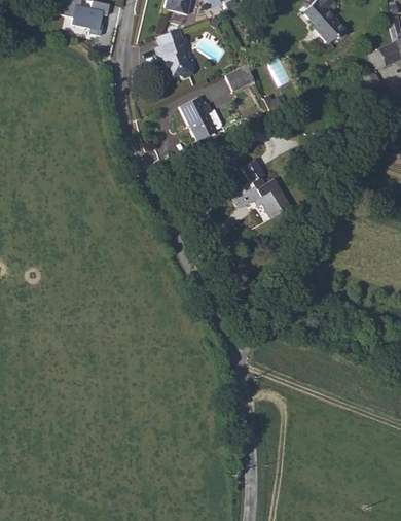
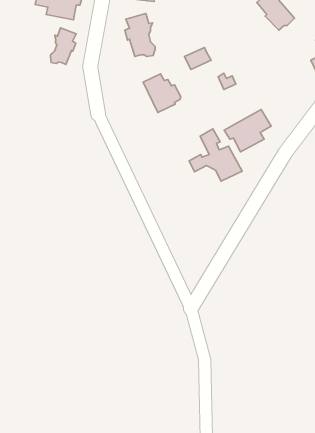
building: none -> [50,28,76,64]
building: none -> [224,110,271,152]

